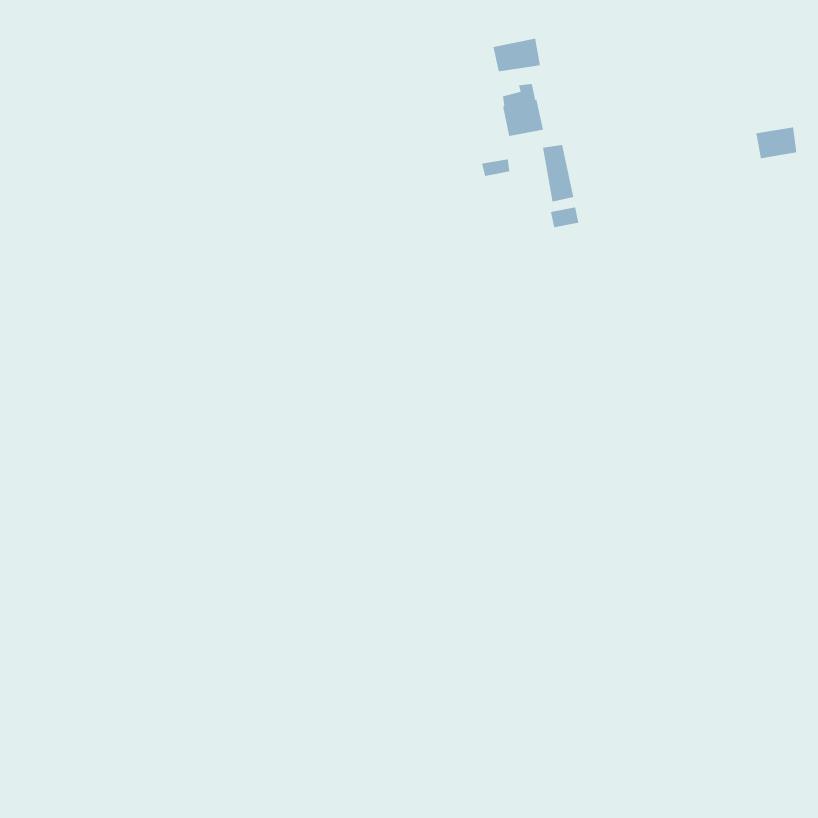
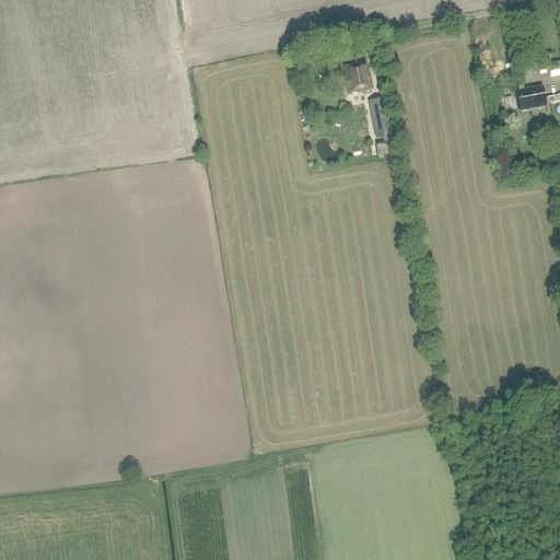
building: [493,38,541,72] -> none

